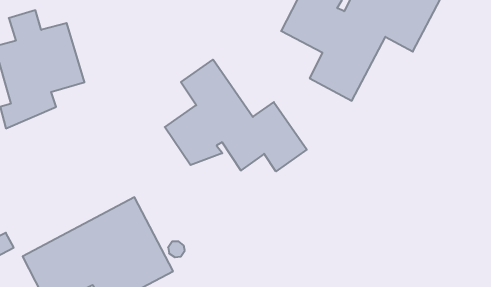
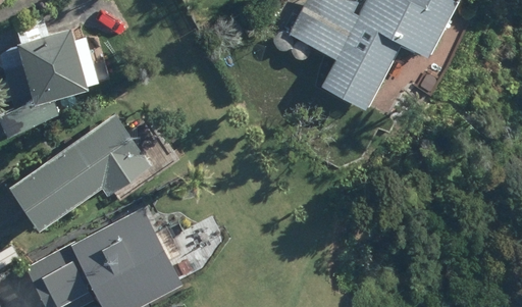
building: [165,60,307,171] -> none
building: none -> [10,114,151,231]

